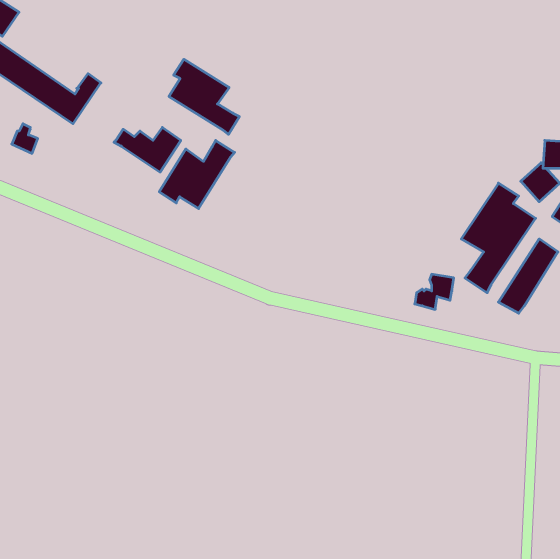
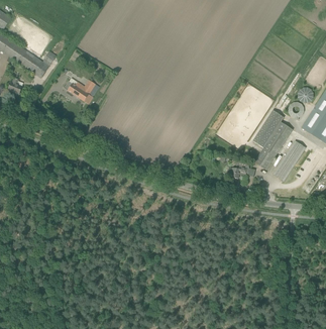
building: [169,59,239,134] -> none
building: [159,140,235,209] -> none

